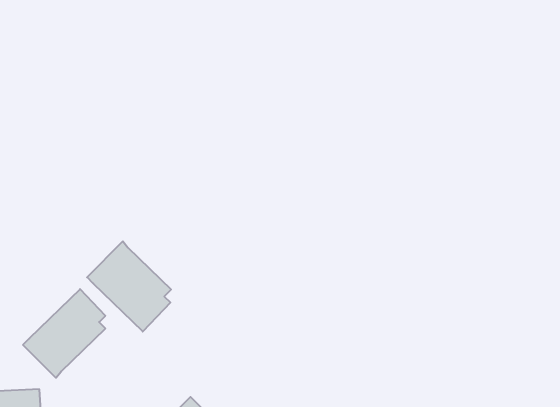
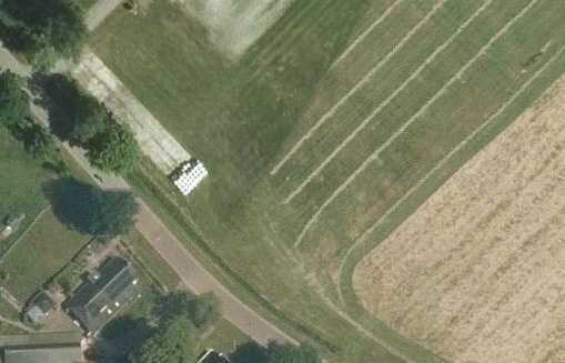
building: [87,241,171,332] -> none

